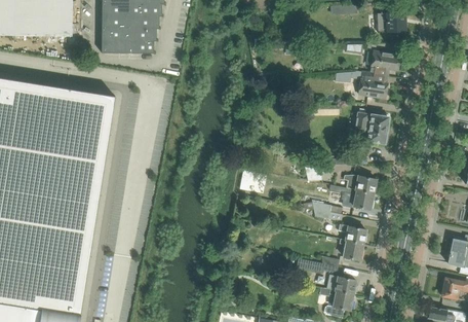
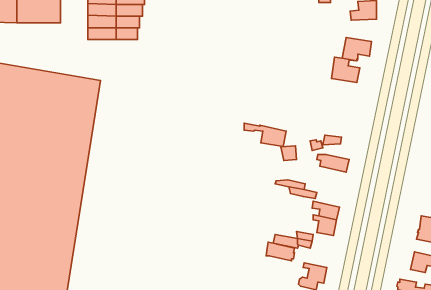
building: [355,113,388,143] -> none
building: [329,185,374,210] -> [244,123,286,147]
building: [326,275,356,294] -> [266,242,294,261]

